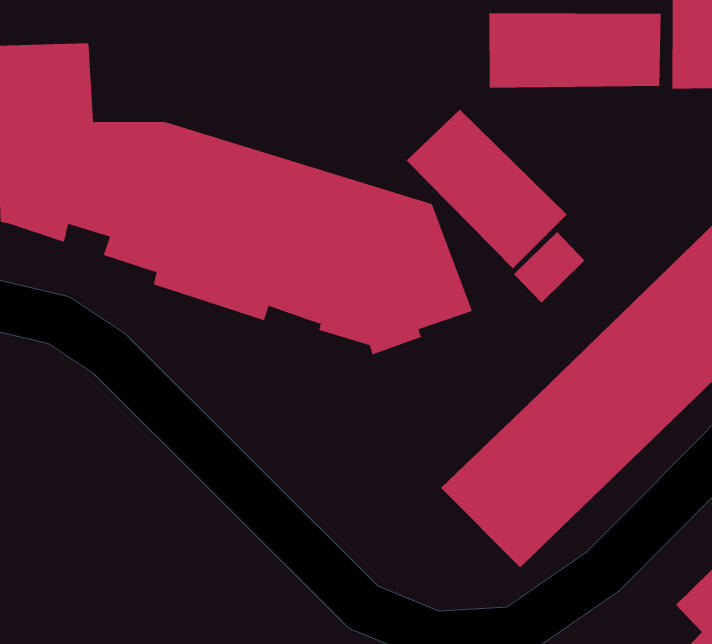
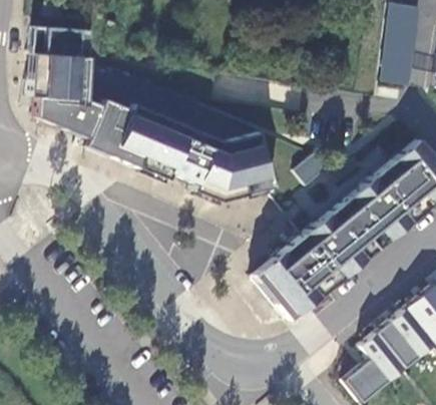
building: [489,13,661,89] -> none
building: [406,109,568,269] -> none

